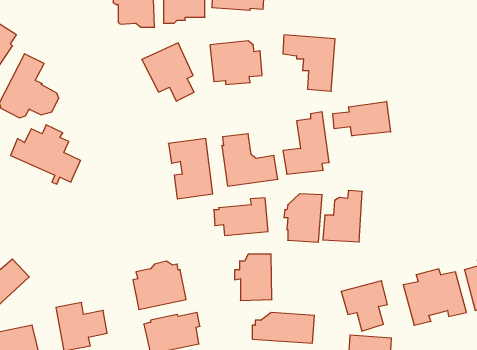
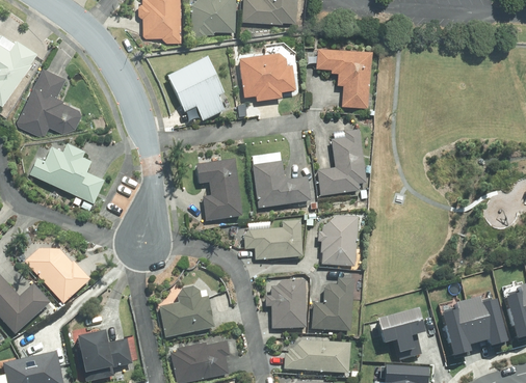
building: [333,101,391,136] -> none
building: [323,191,362,242] -> [312,277,353,331]
building: none -> [25,248,91,304]

